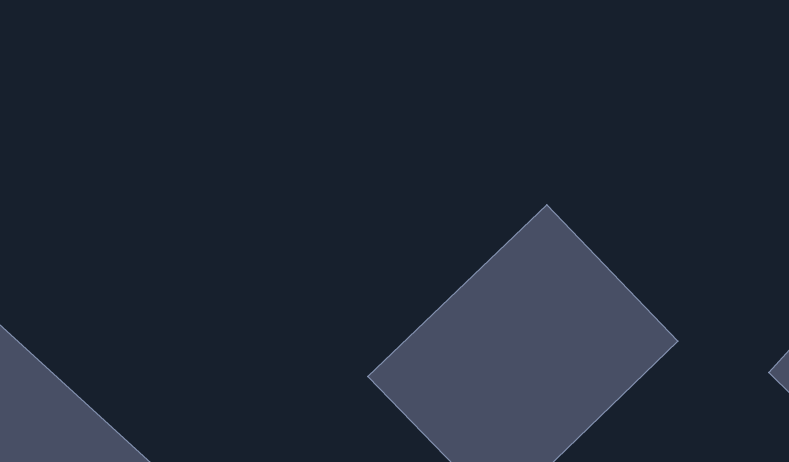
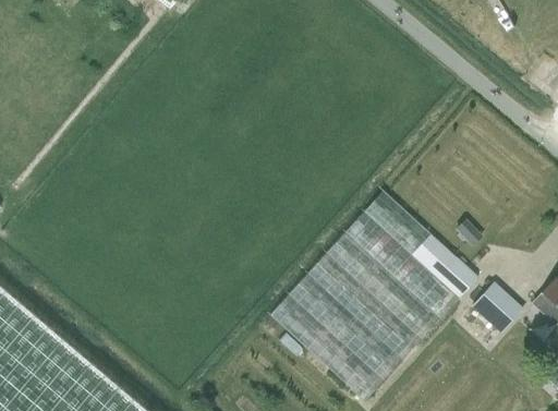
building: none -> [472,283,520,331]

